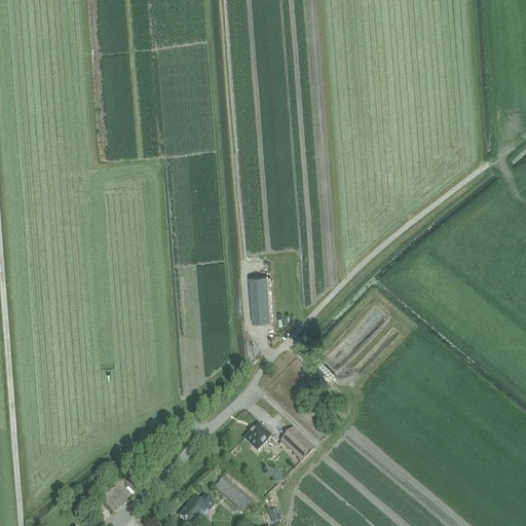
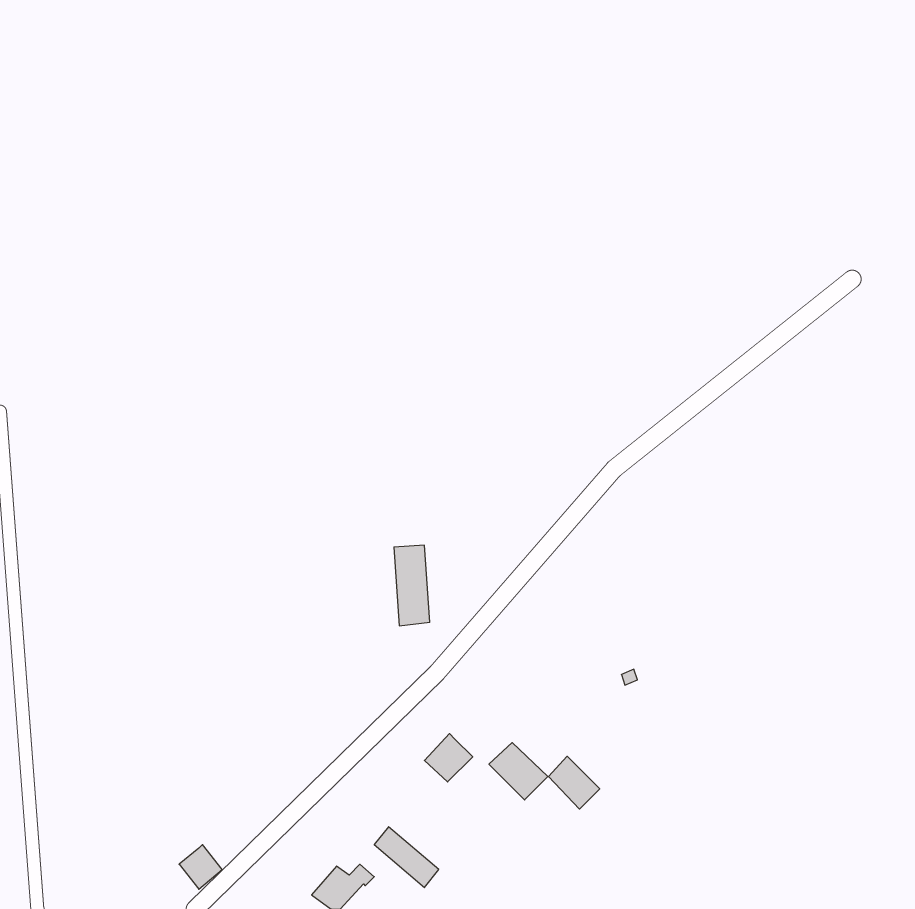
building: [249,274,269,321] -> [394,545,430,626]
building: none -> [549,756,600,809]

